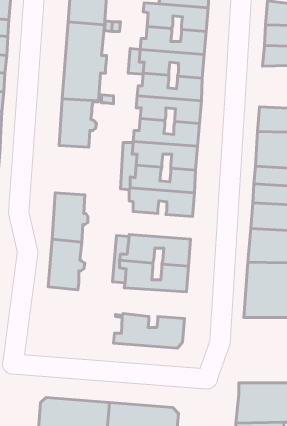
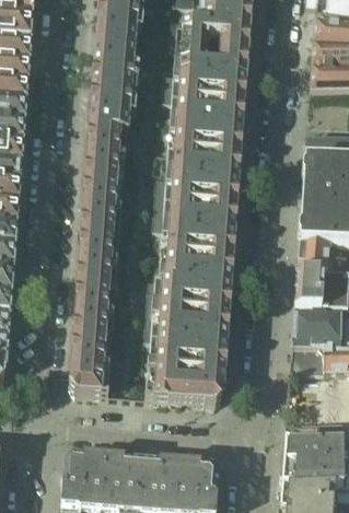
building: none -> [81,174,121,229]
building: none -> [160,247,233,278]
building: none -> [70,330,109,388]
building: none -> [148,331,226,365]

